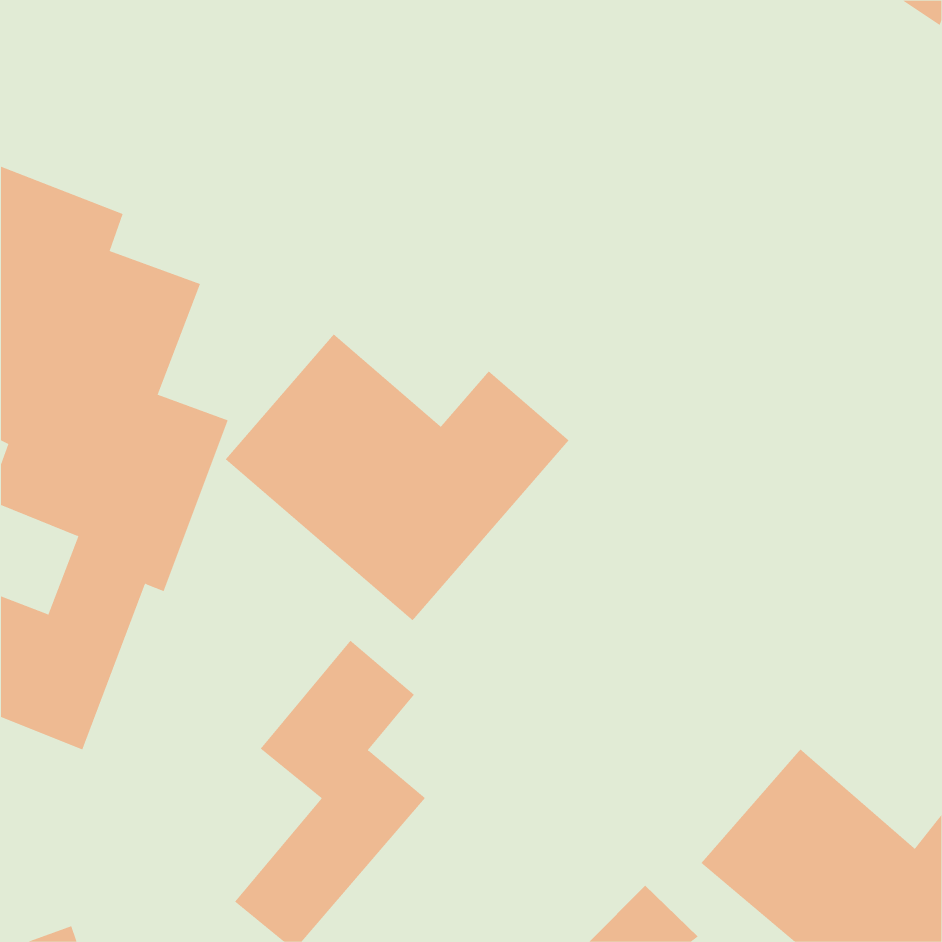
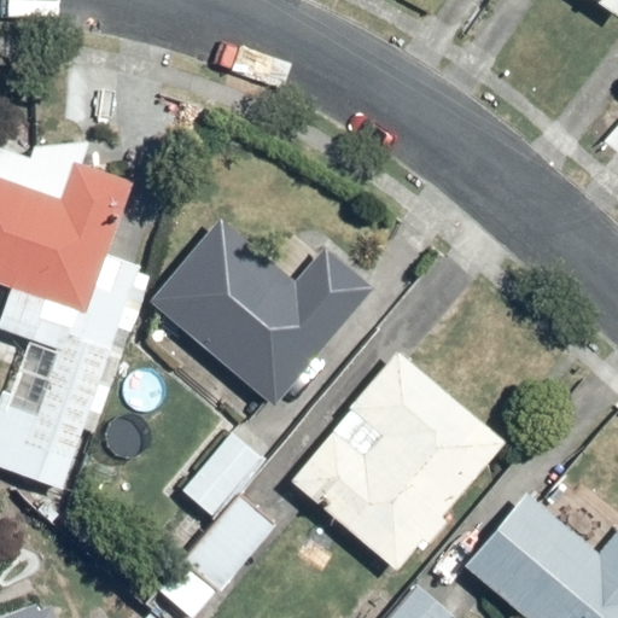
building: none -> [286,348,508,575]

